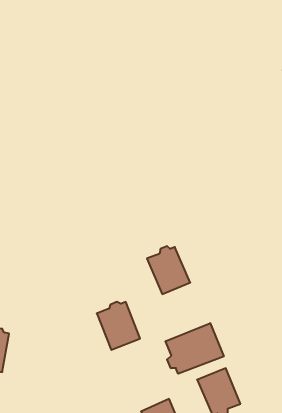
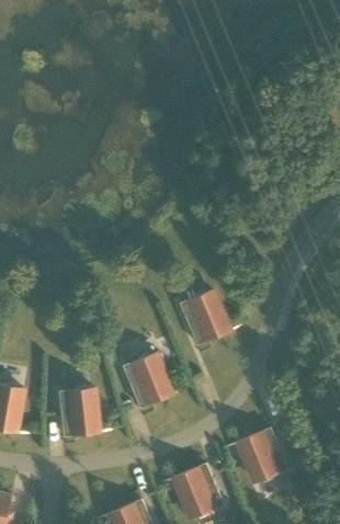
building: [165,323,224,374] -> none
building: none -> [58,385,99,436]

